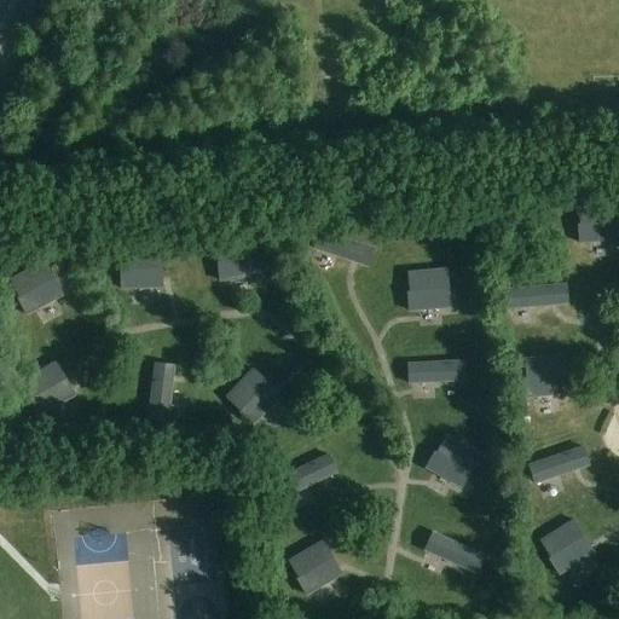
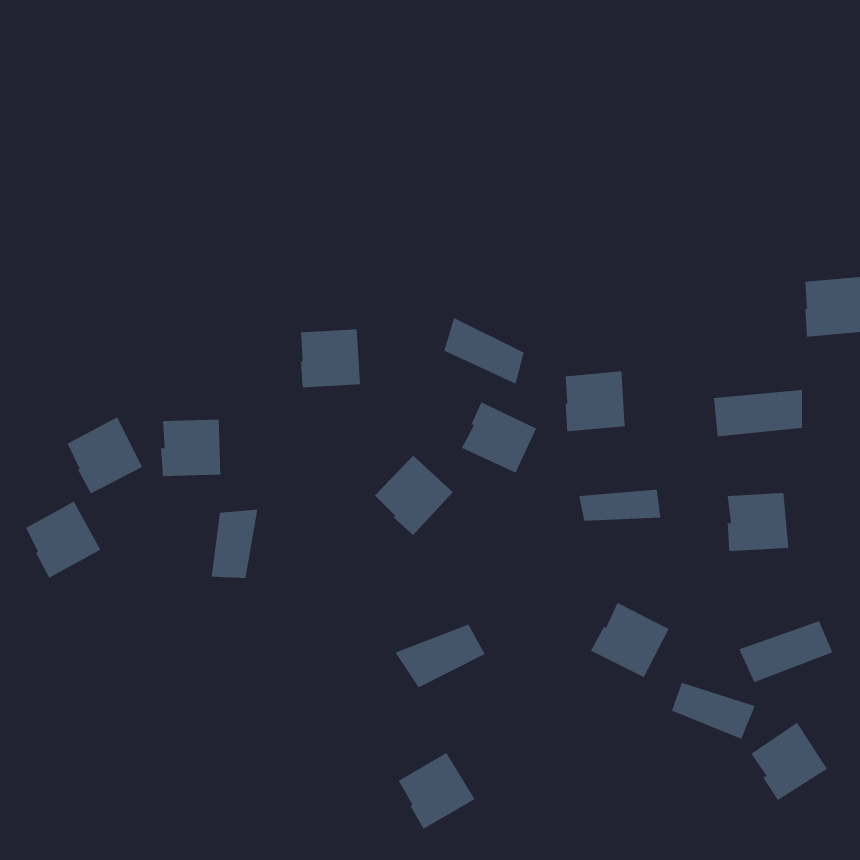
building: [118,247,162,288] -> [160,419,221,477]
building: [7,258,62,313] -> [67,417,143,494]
building: none -> [461,401,537,473]
building: [224,366,280,424] -> [374,455,454,536]
building: [430,539,491,580] -> [671,682,755,740]

